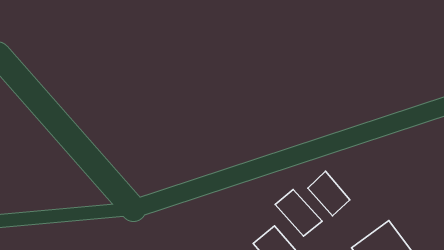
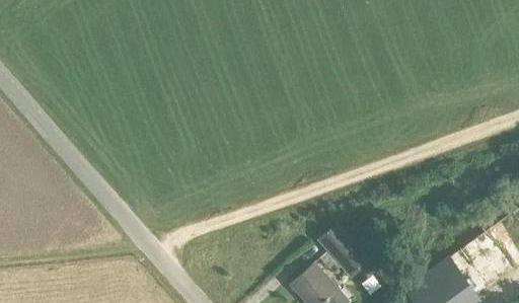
building: [308,171,350,216] -> none

